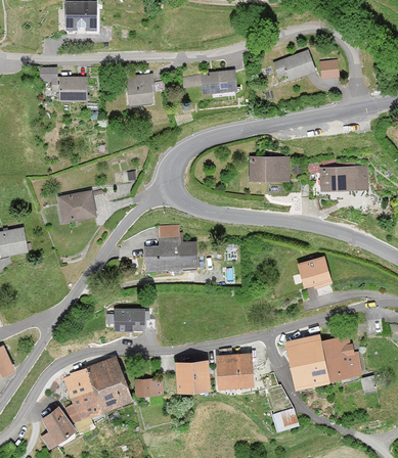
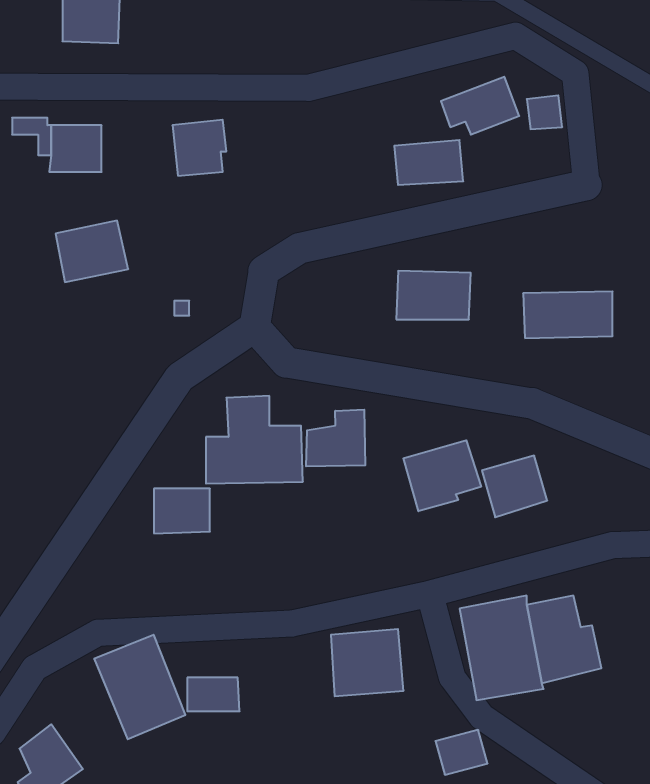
building: [200,70,237,94] -> [394,140,463,185]
building: [57,190,97,224] -> [56,221,128,282]
building: none -> [306,410,365,466]
building: none -> [403,440,481,511]
building: [115,307,145,331] -> [154,489,210,533]
building: [174,360,210,393] -> none
building: [63,368,102,420] -> none

